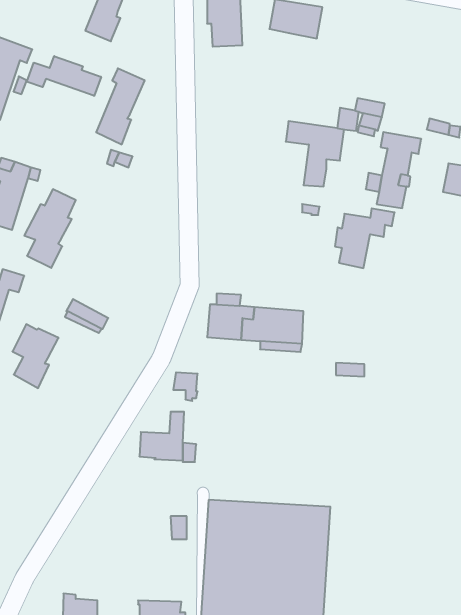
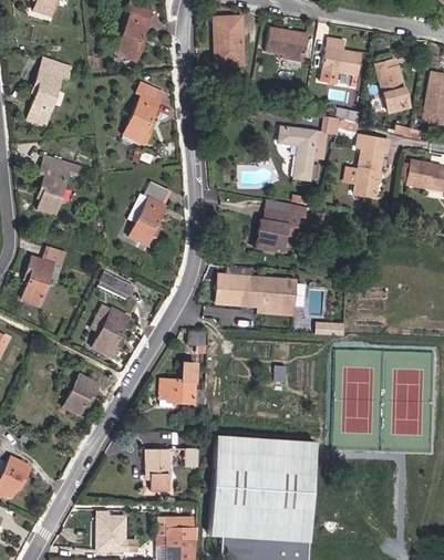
building: none -> [320,38,362,84]
building: none -> [376,60,411,112]
building: [27,56,101,96] -> none
building: [24,189,76,268] -> [127,182,169,246]
building: [335,208,395,268] -> [258,204,307,252]
building: [12,324,59,388] -> [92,305,130,357]
building: none -> [64,374,100,415]
building: none -> [145,449,169,491]

